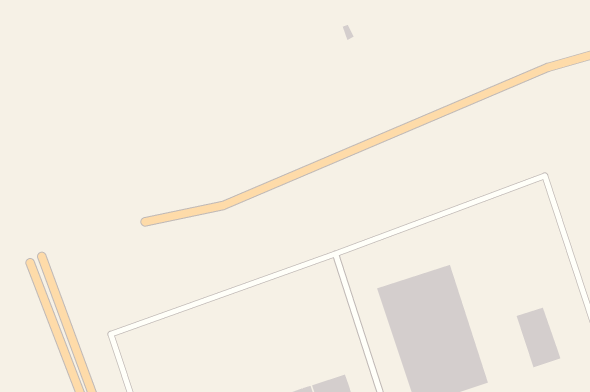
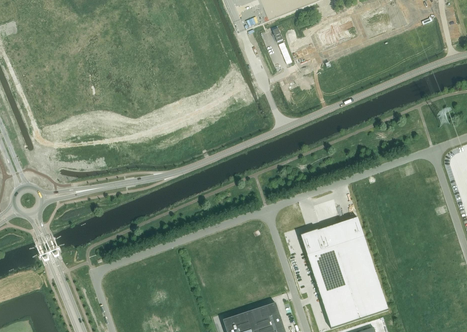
building: [516,307,561,368] -> none

